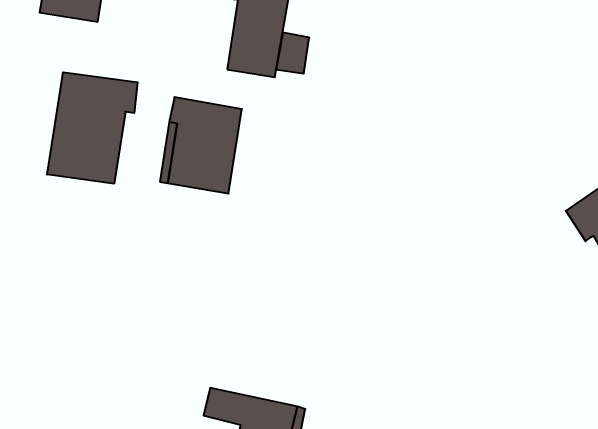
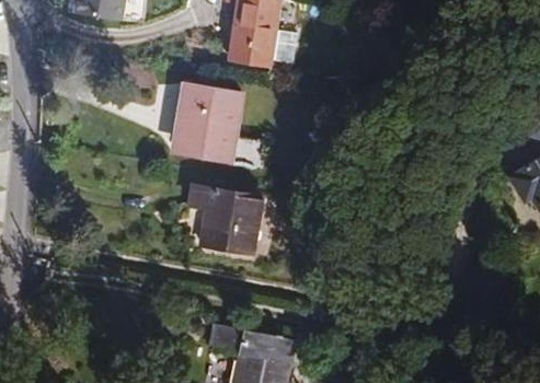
building: [47,72,138,184] -> none
building: none -> [188,183,262,253]

